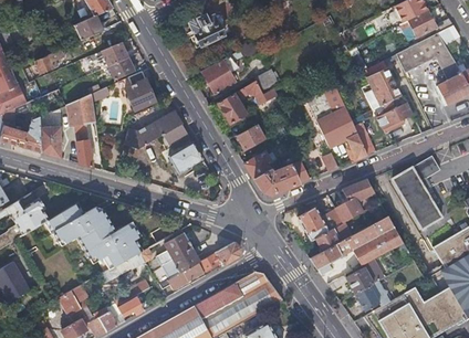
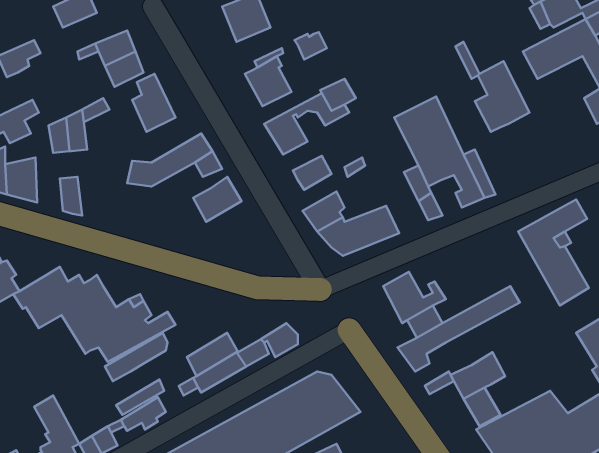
building: [376,95,411,133] -> none
building: [333,179,375,224] -> none
building: [342,226,402,271] -> none
building: [156,232,191,265] -> none

